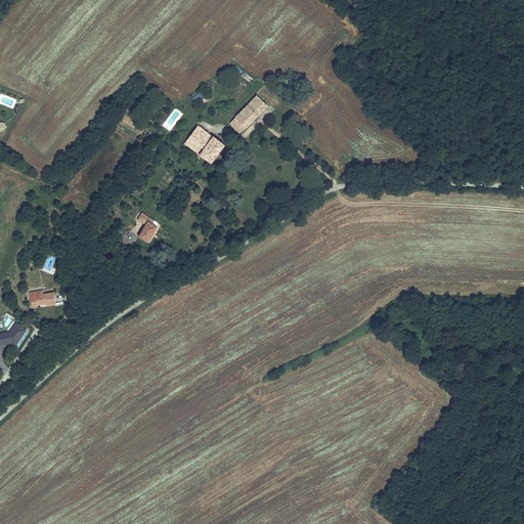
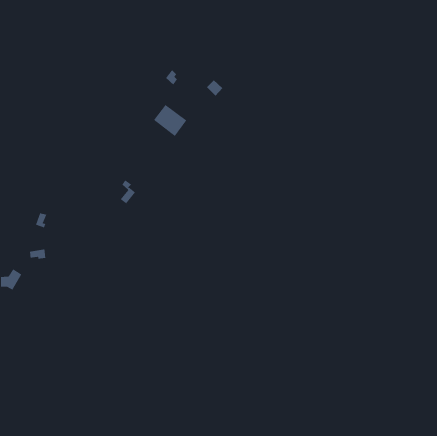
building: [229,104,258,133] -> none

